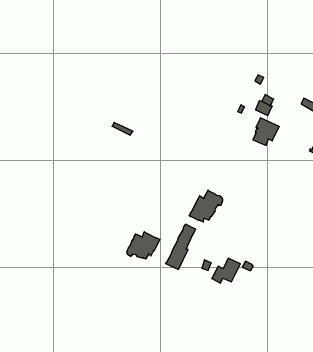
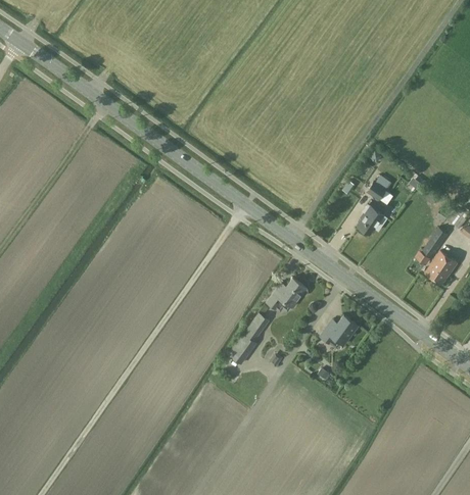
building: [127,232,160,259] -> none
building: [212,258,240,283] -> [321,316,358,345]

